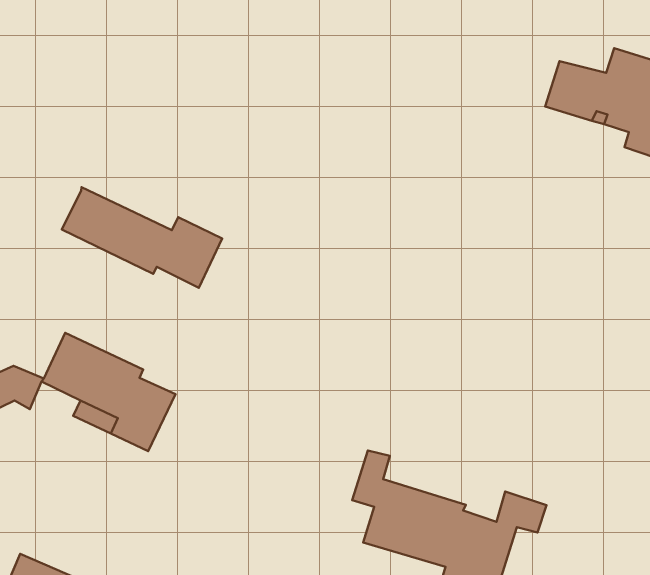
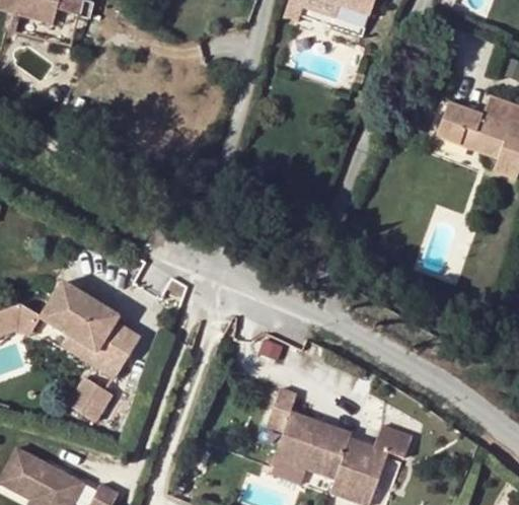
building: [62,187,222,288] -> none
building: none -> [69,375,115,421]

